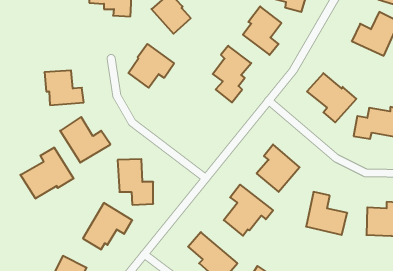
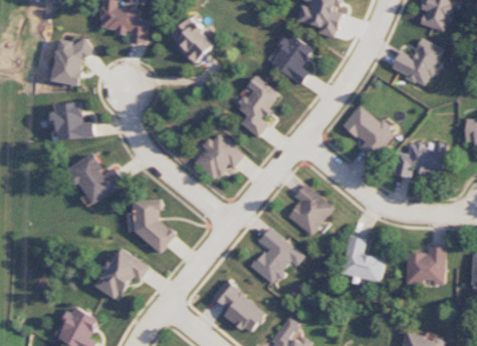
building: none -> [53,39,90,85]
building: [128,44,174,88] -> [193,132,243,181]
building: [20,147,74,199] -> none

